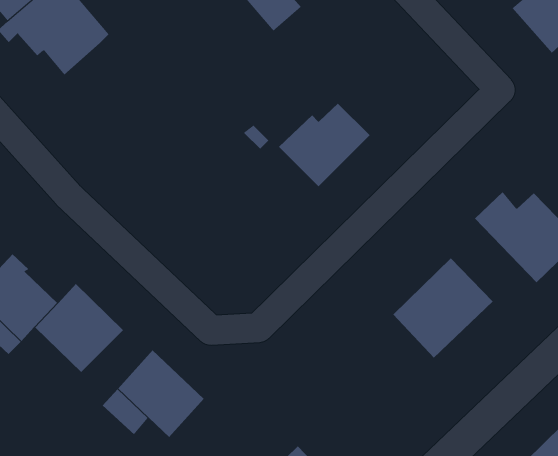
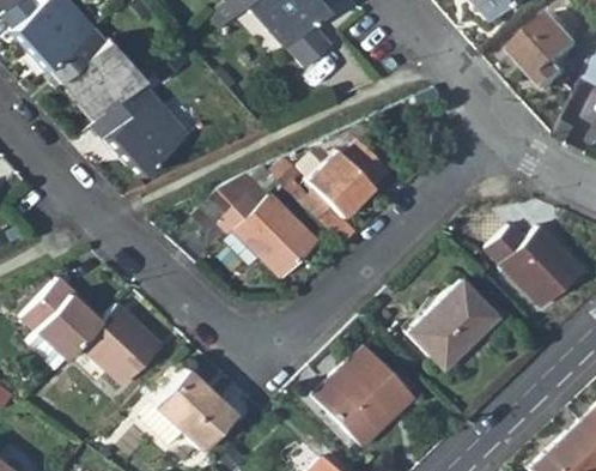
building: none -> [92,81,187,171]
building: none -> [213,168,316,273]
building: none -> [314,344,414,445]

